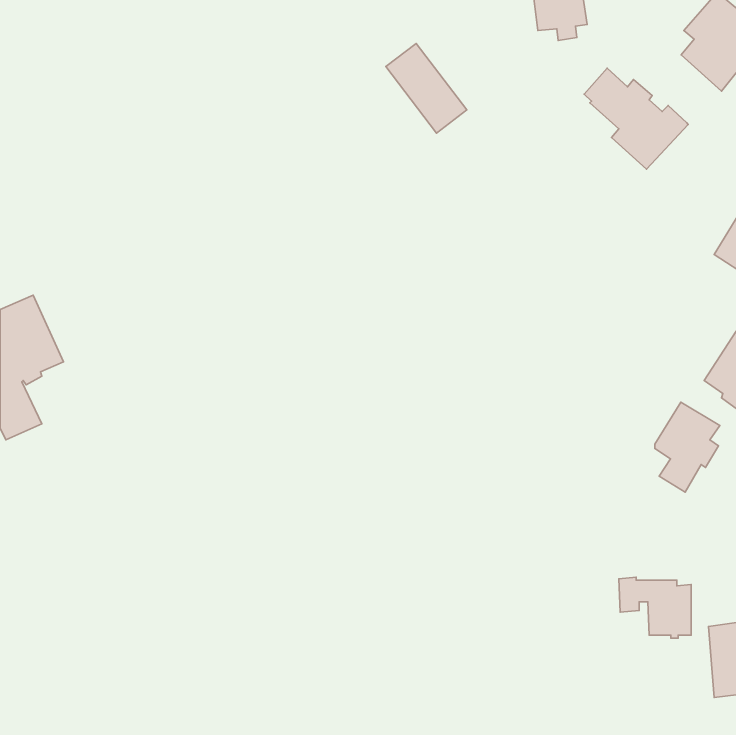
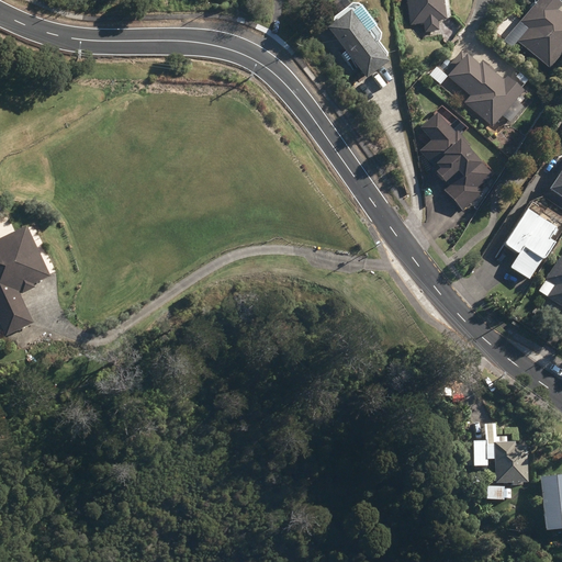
building: [386,43,467,133] -> [328,11,390,79]
building: none -> [422,109,496,209]
building: [655,402,720,492] -> [506,209,555,277]

